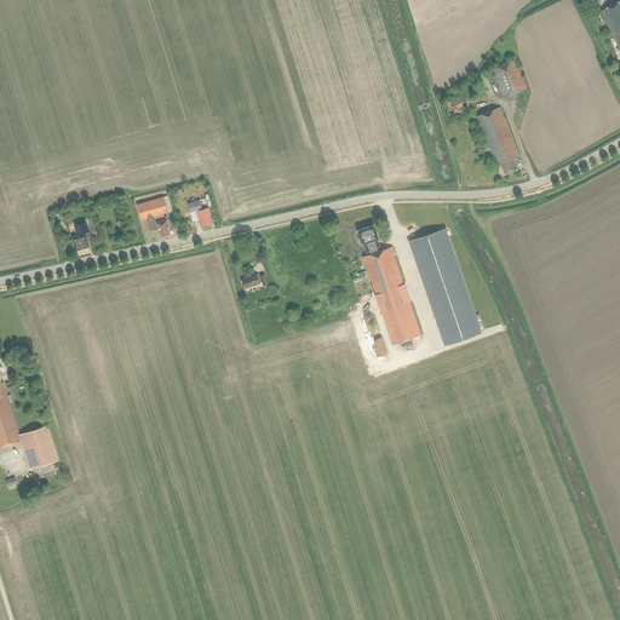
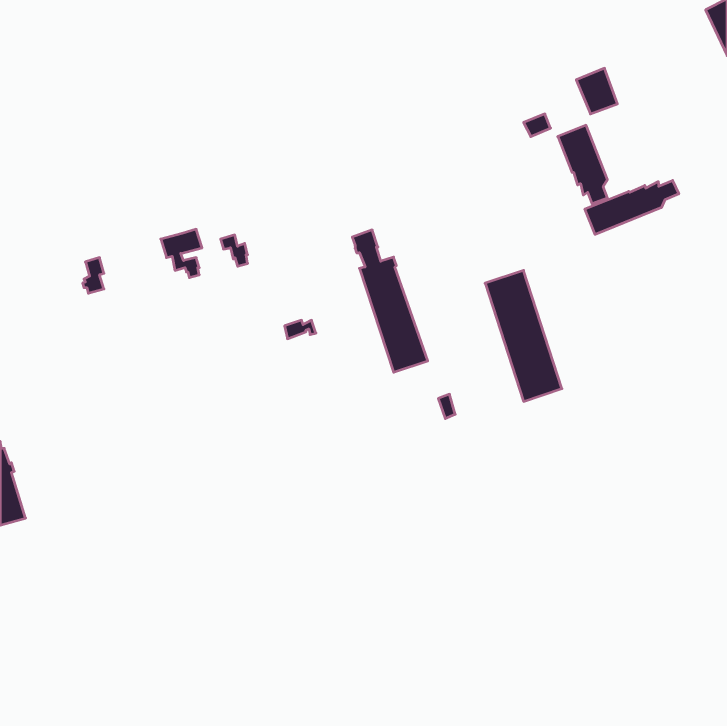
building: none -> [585,180,679,234]
building: [357,223,421,344] -> [352,230,428,372]
building: [21,426,59,470] -> none

